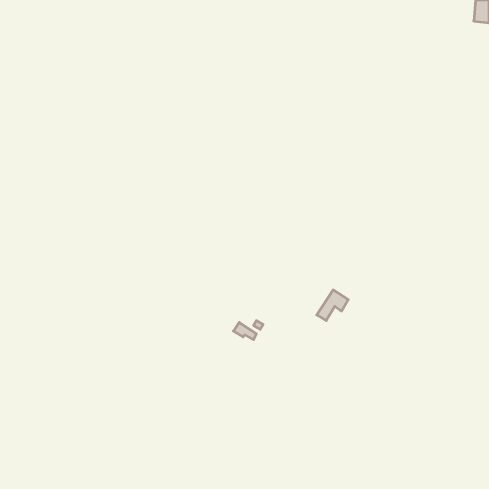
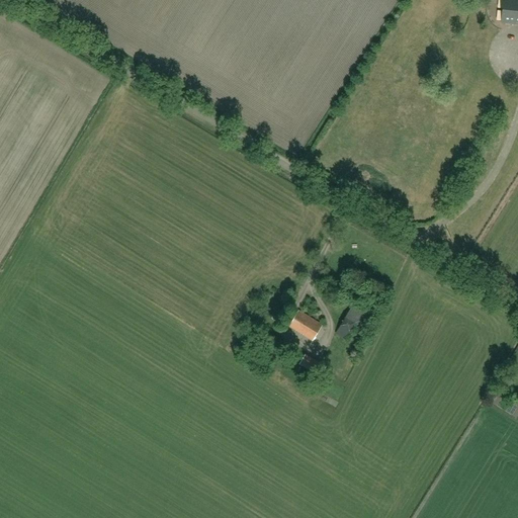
building: none -> [289,311,322,340]

